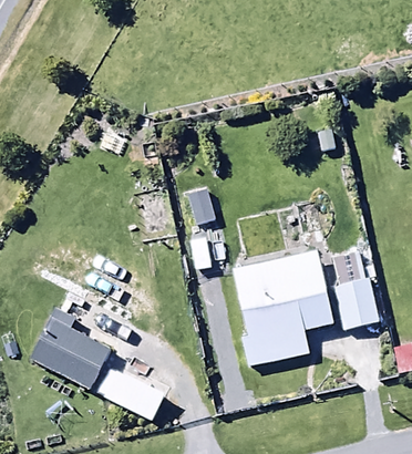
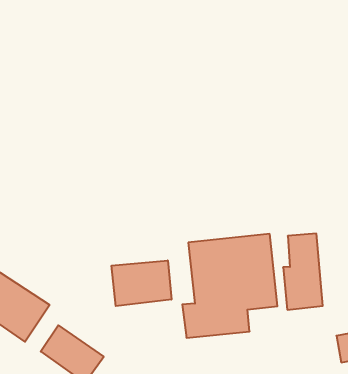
building: none -> [112,260,171,306]

